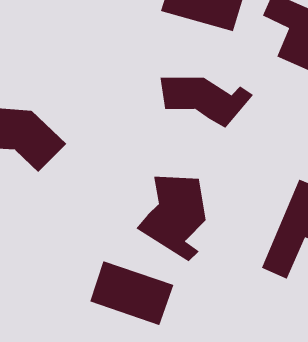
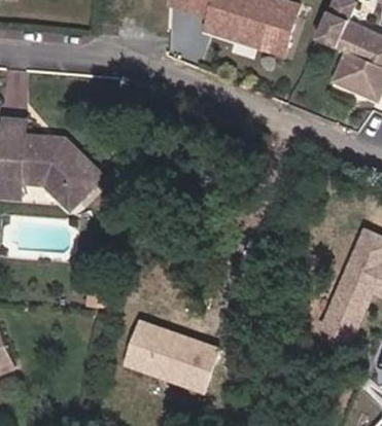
building: [159,77,254,129] -> none
building: [135,176,206,262] -> none

